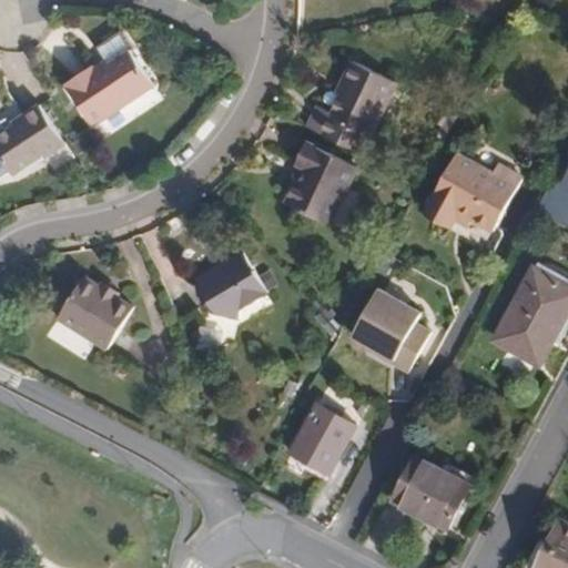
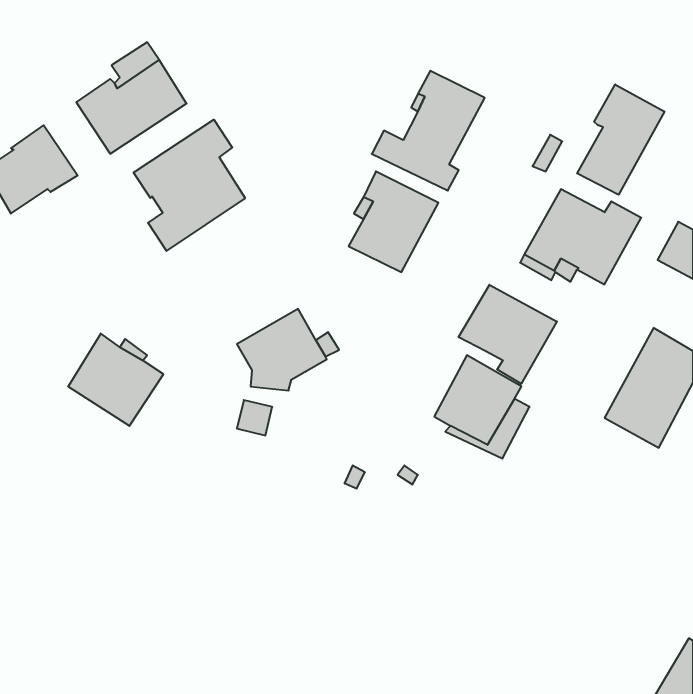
building: none -> [577,84,664,195]
building: none -> [134,120,245,251]
building: none -> [459,285,557,384]
building: [290,404,356,475] -> none
building: [390,456,469,530] -> none

